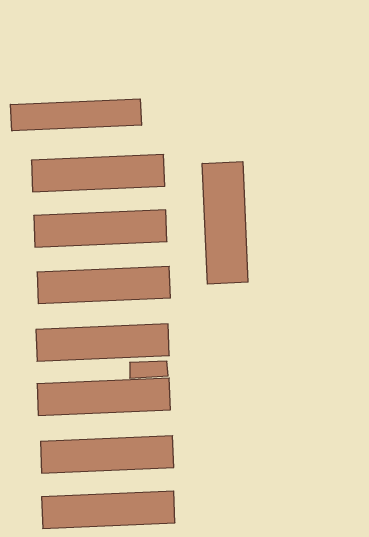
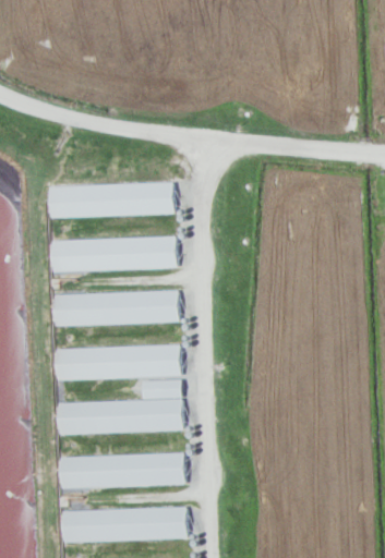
building: [10,99,141,131] -> none
building: [202,162,248,284] -> none

